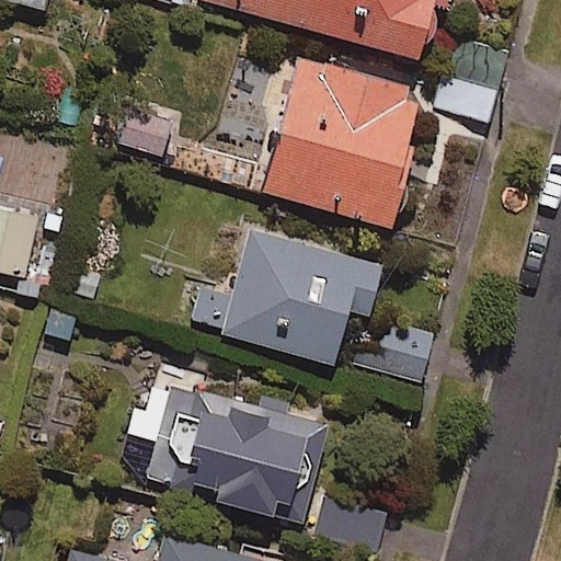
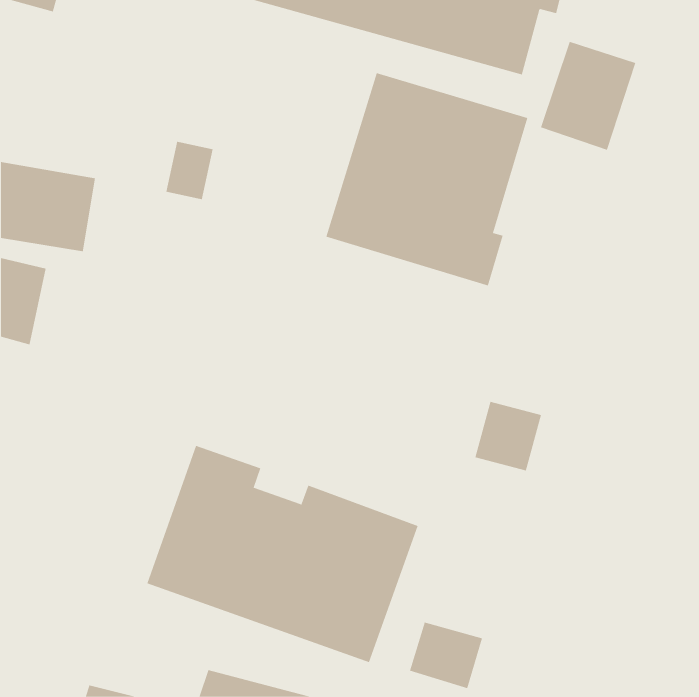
building: [188,229,382,366] -> none

